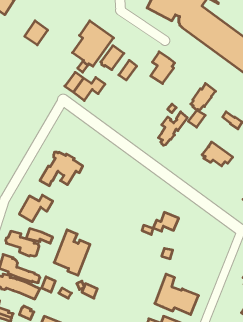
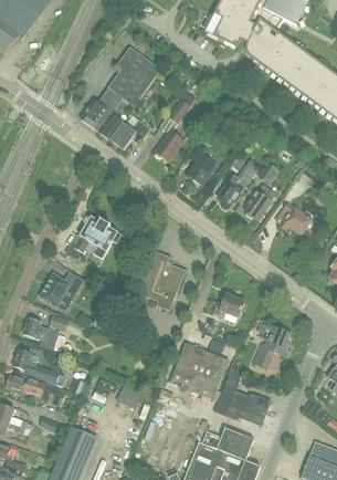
building: [25,21,48,45] -> [81,98,110,129]
building: [101,46,124,70] -> [155,129,185,160]
building: [151,52,175,84] -> [188,144,219,185]
building: [191,83,216,110] -> [244,182,276,217]
building: [54,230,90,275] -> [139,250,186,309]
building: none -> [252,325,289,367]
building: none -> [170,342,229,398]

